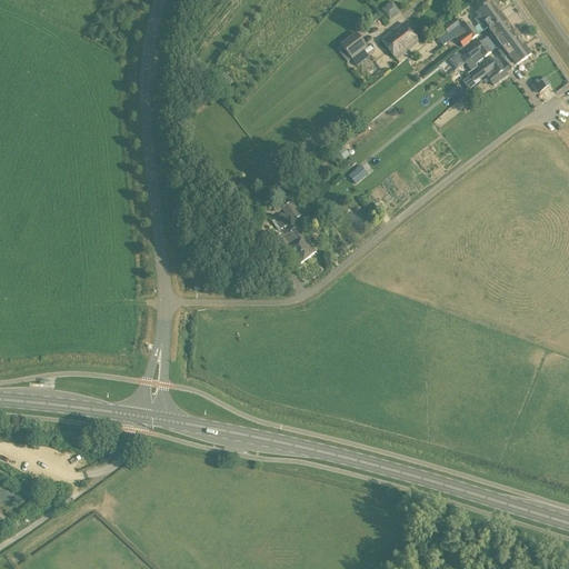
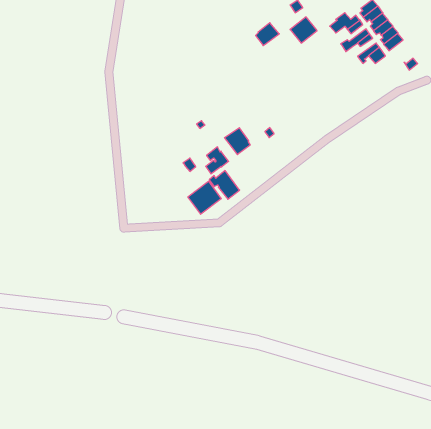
building: none -> [225,128,250,155]
building: none -> [188,181,221,214]

